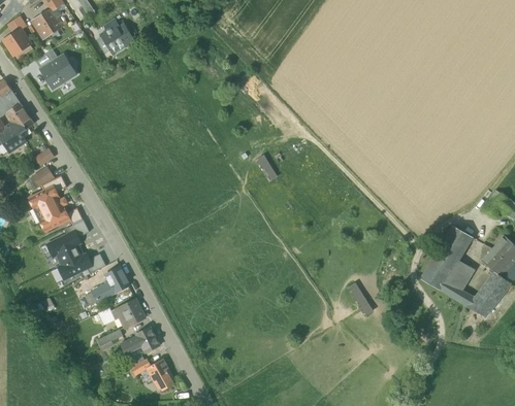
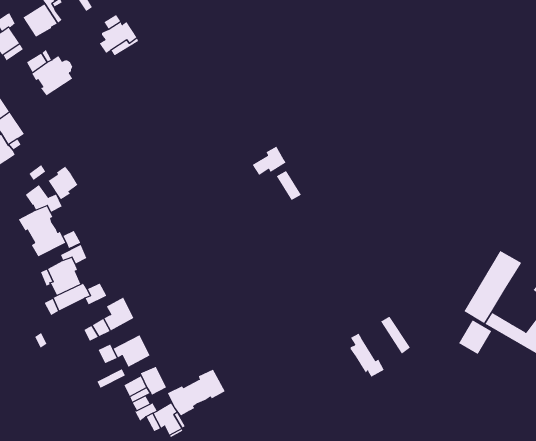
building: none -> [252,146,287,176]
building: none -> [48,166,78,200]
building: [444,259,474,290] -> [458,320,492,355]
building: none -> [350,333,385,378]
building: none -> [167,369,226,416]

